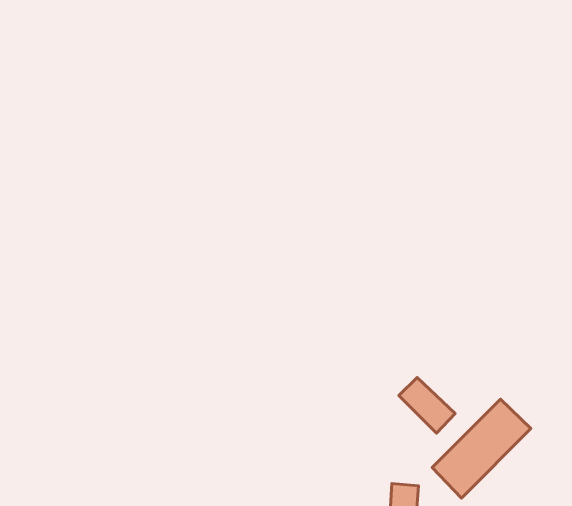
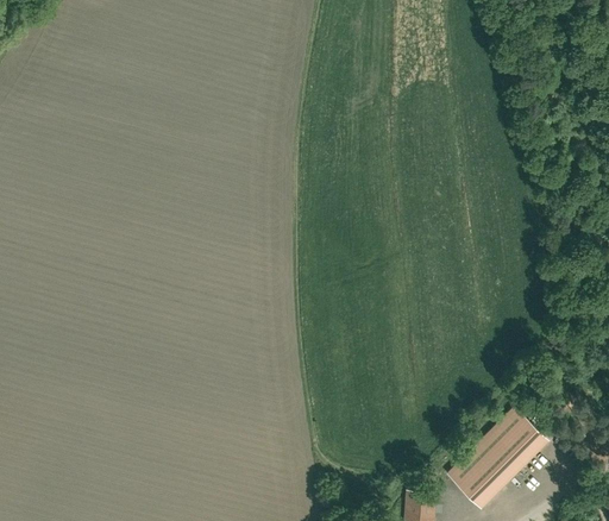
building: [399,377,455,433] -> none

